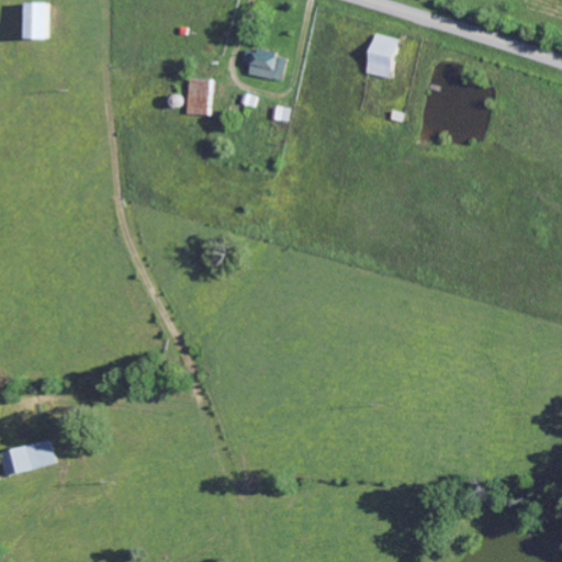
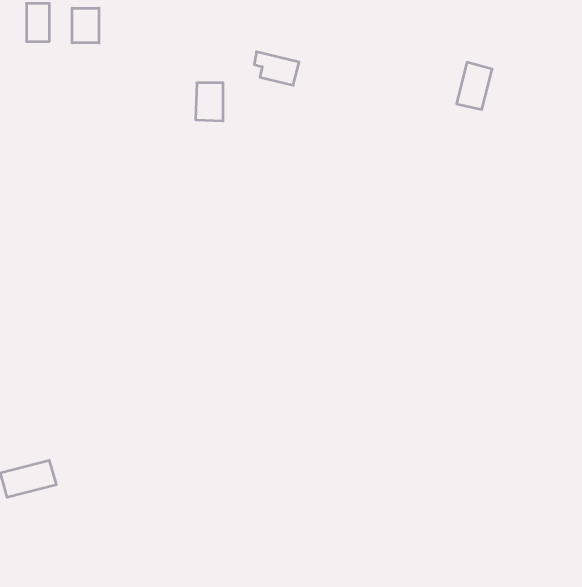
building: none -> [72,8,99,43]
building: [364,33,398,78] -> [457,62,492,109]

